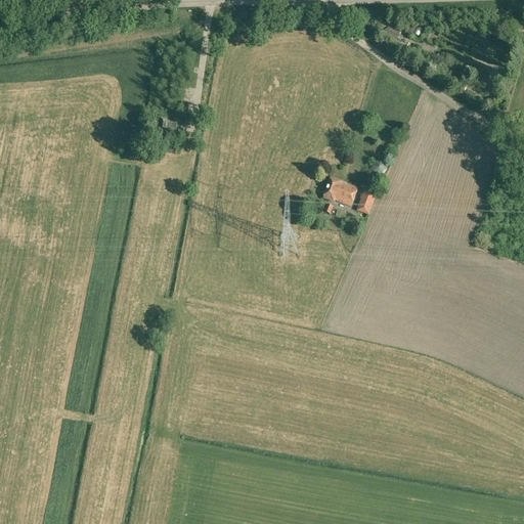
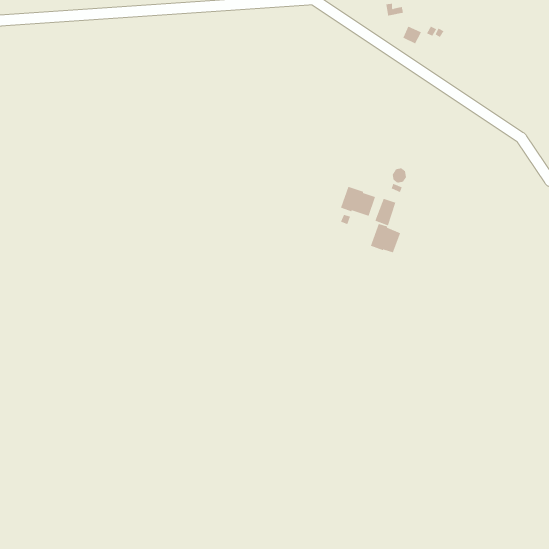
building: none -> [370,223,401,253]

